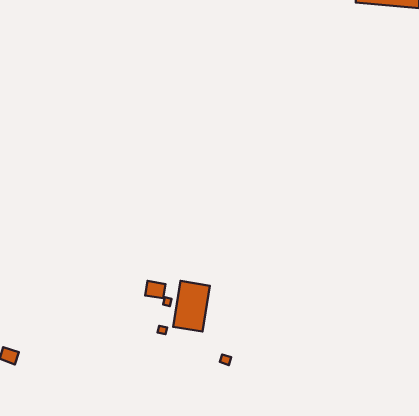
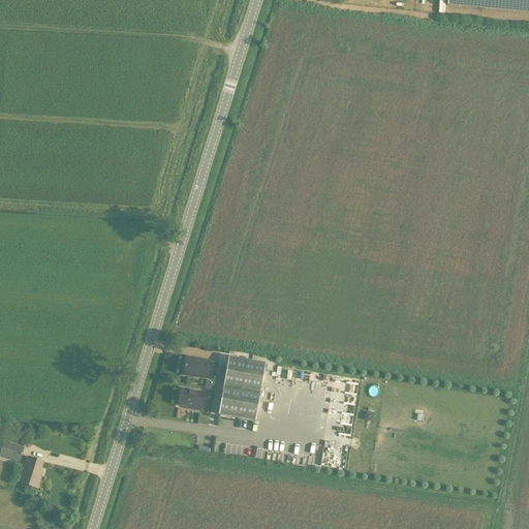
building: none -> [178,386,204,409]
building: none -> [20,456,42,485]

